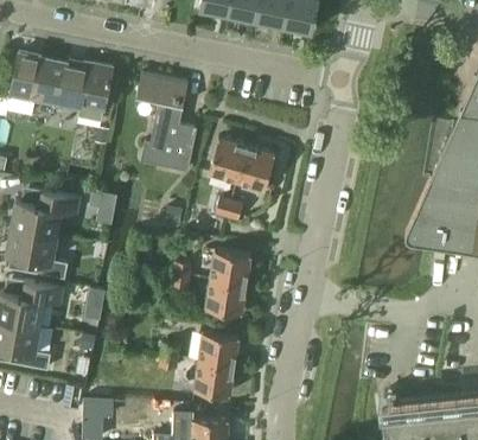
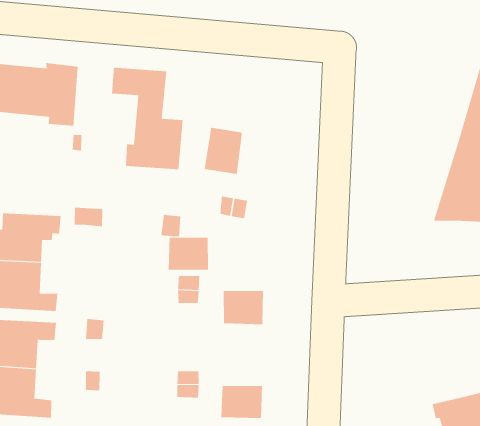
building: [236,146,274,189] -> none
building: [210,251,249,285] -> [168,237,209,270]
building: [198,333,237,366] -> none

